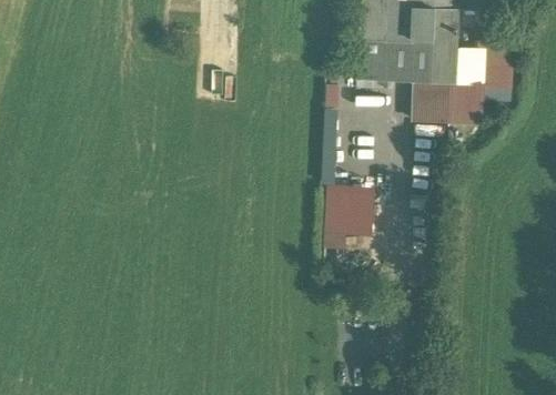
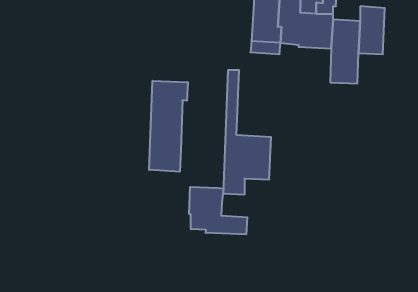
building: [410,80,449,122] -> none
building: none -> [149,81,188,172]
building: none -> [189,187,247,234]

